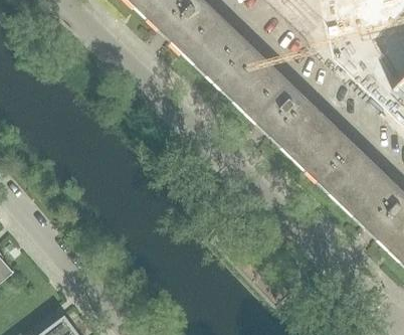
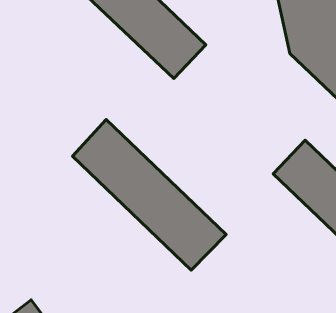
building: [217,47,354,182] -> none
building: none -> [72,119,226,270]

